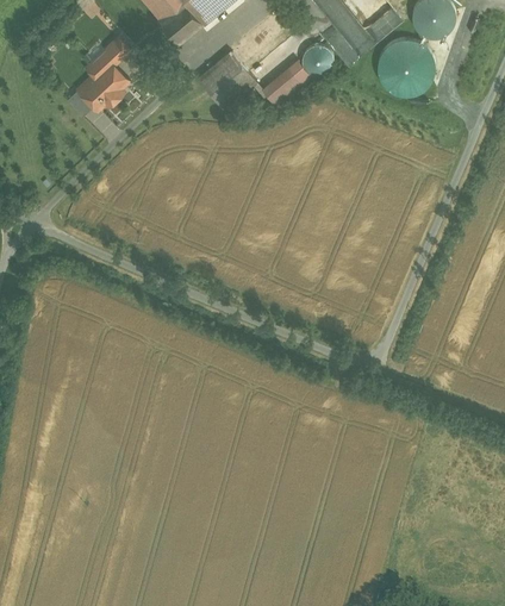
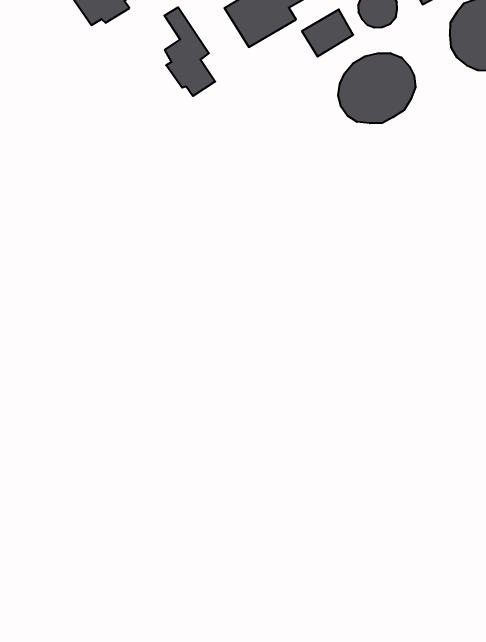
building: none -> [164,7,215,96]
building: none -> [338,53,415,123]

